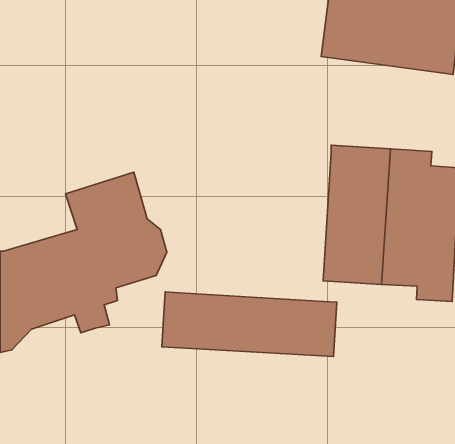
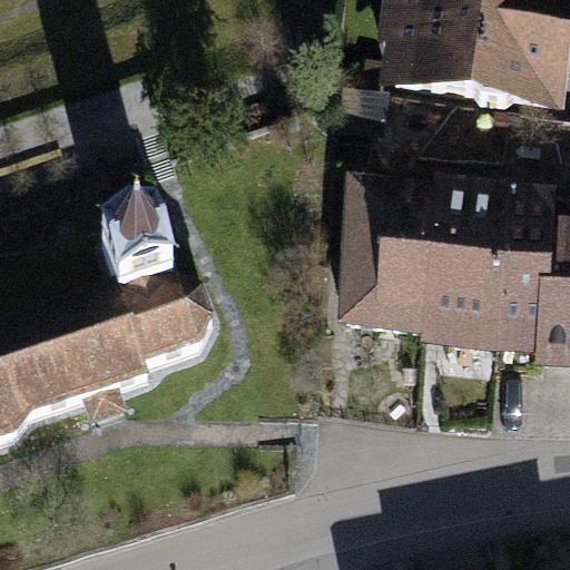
building: none -> [322,184,415,335]
building: [162,292,337,357] -> none

